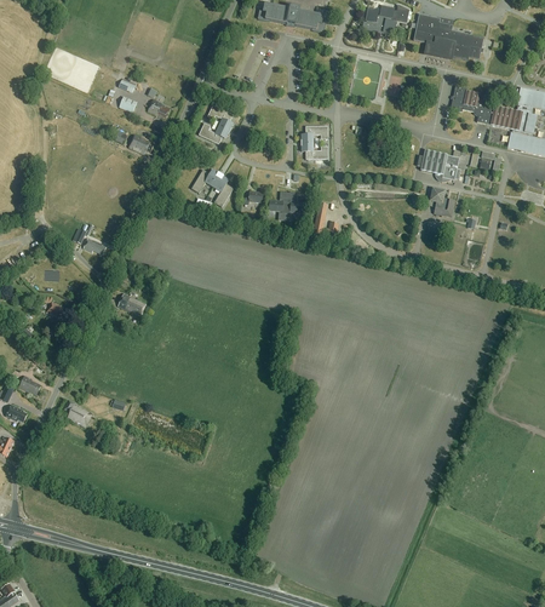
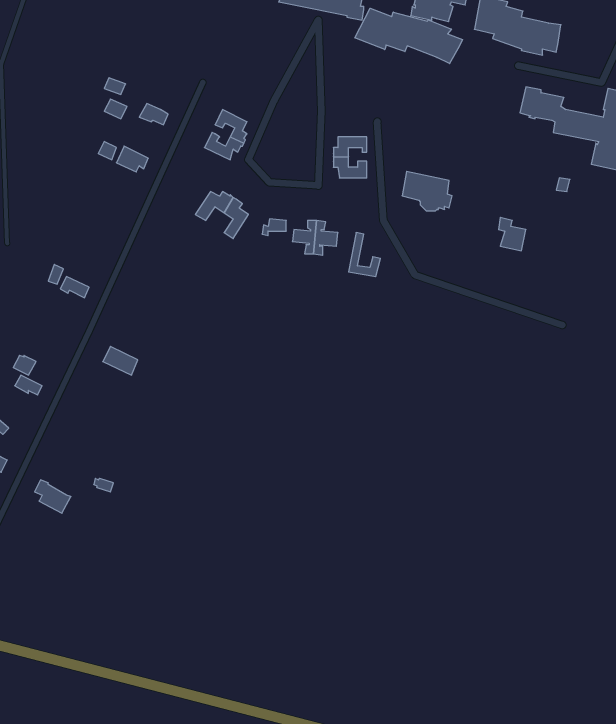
building: none -> [355,8,463,64]
building: [421,150,461,182] -> [402,171,452,211]

